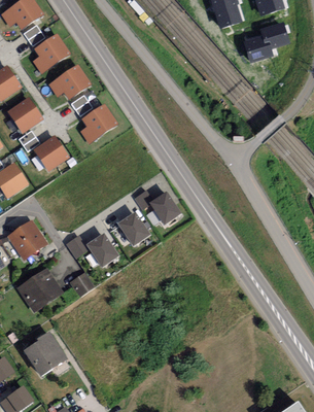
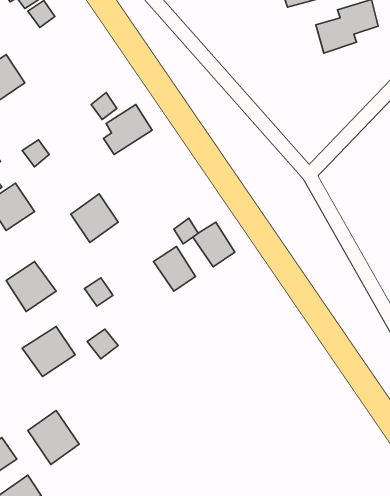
building: [33,34,70,71] -> none
building: [49,64,93,100] -> none
building: [7,96,44,132] -> none
building: [34,134,70,171] -> [71,194,118,242]
building: [86,232,119,267] -> none

